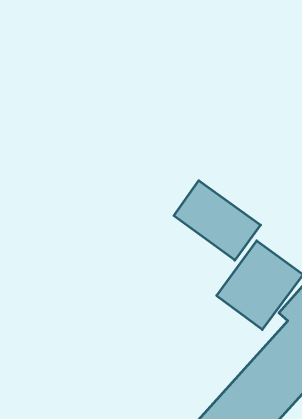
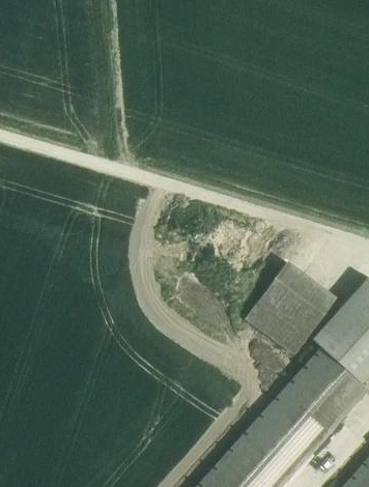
building: [174,181,261,260] -> none

